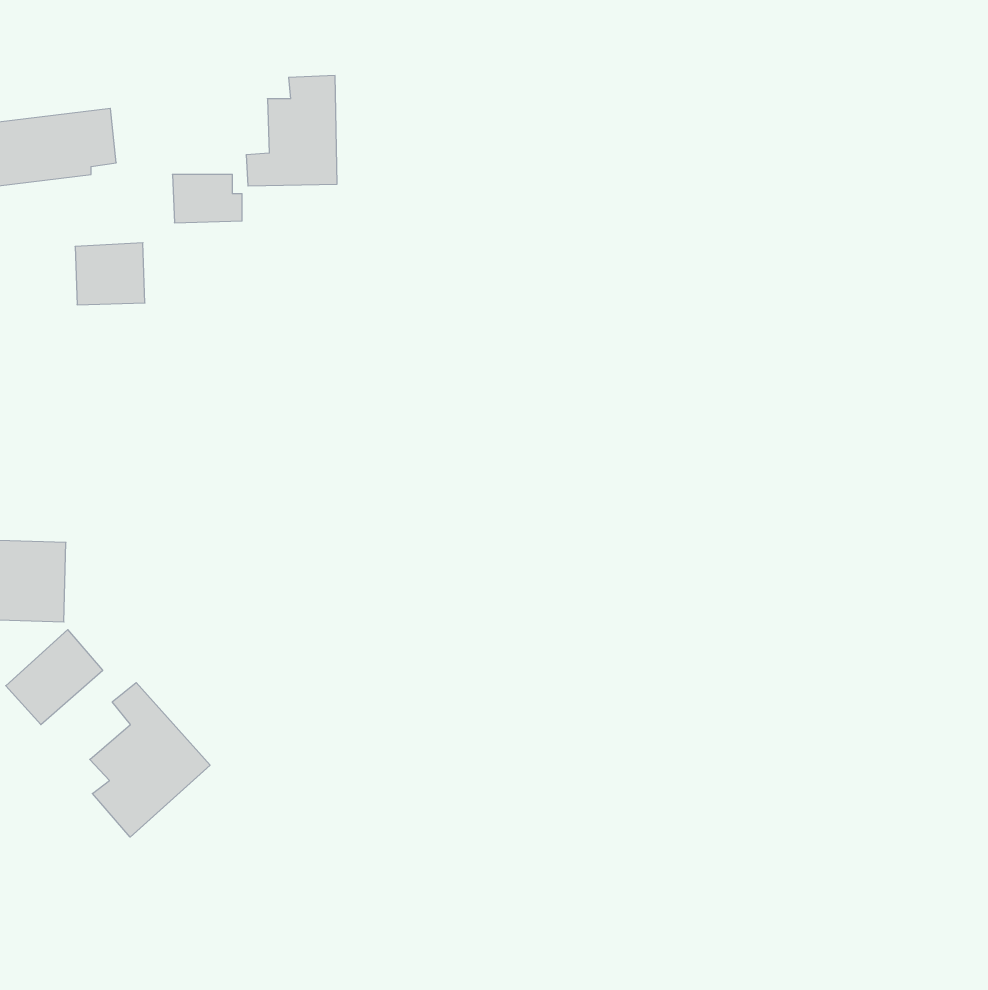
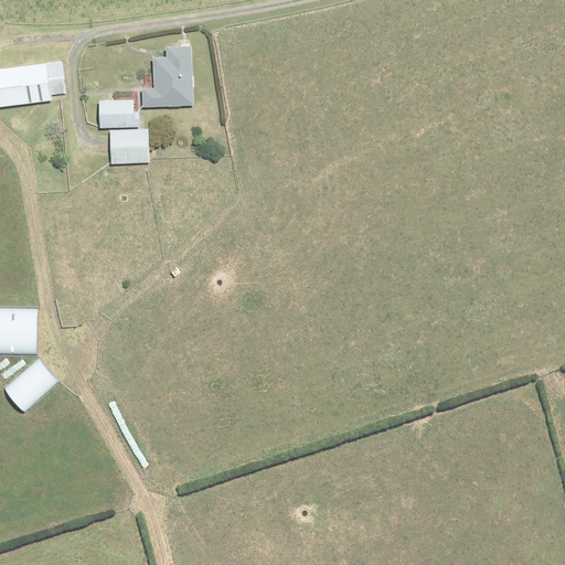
building: [75,243,145,305] -> [108,128,148,163]
building: [90,683,210,837] -> none

